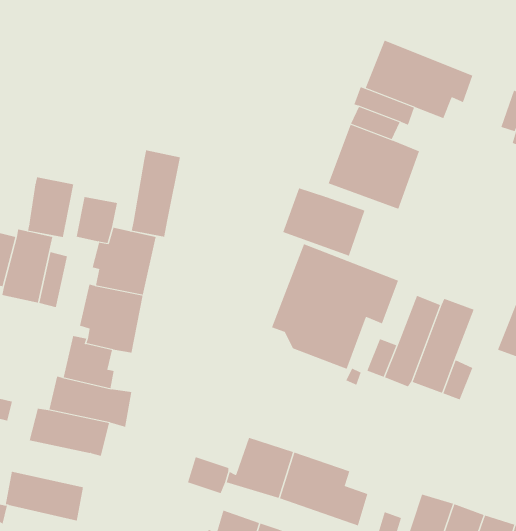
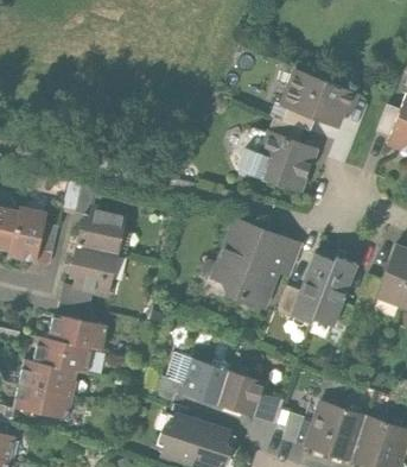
building: [131,150,181,238] -> none
building: [27,176,74,238] -> none
building: [283,188,365,257] -> none
building: none -> [18,360,76,396]

